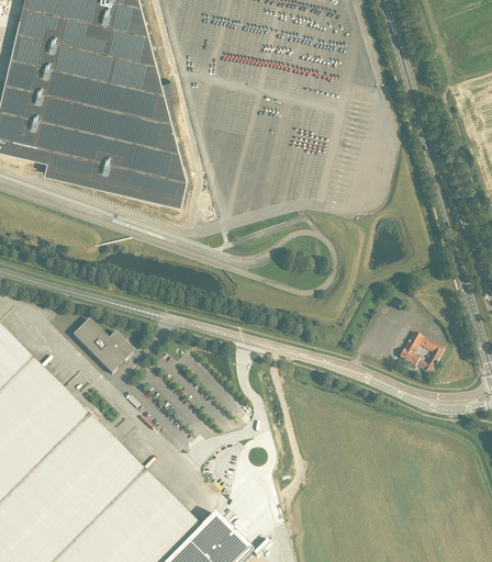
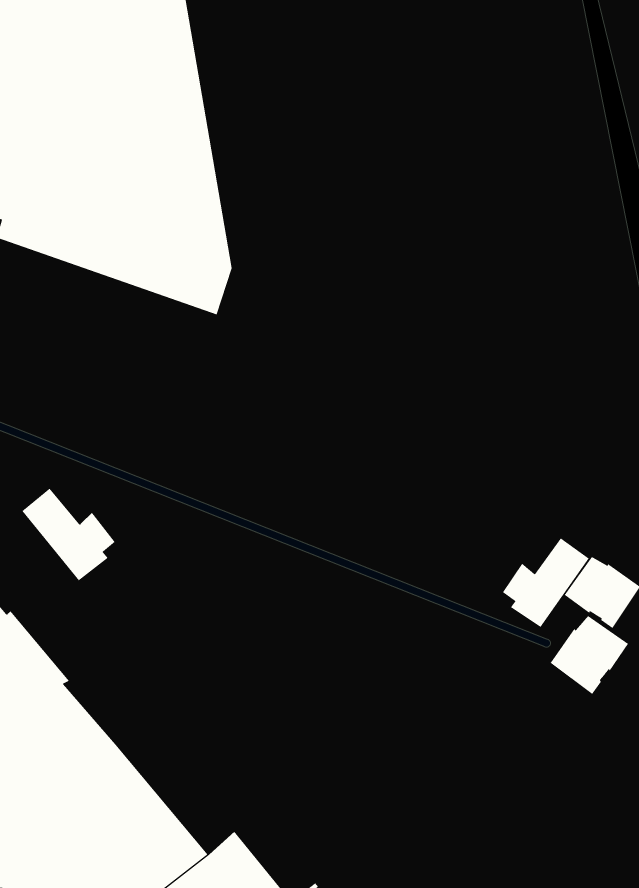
building: none -> [502,538,589,628]
building: none -> [550,615,629,695]

